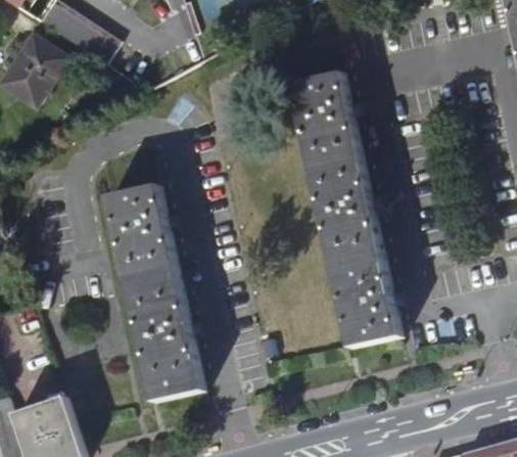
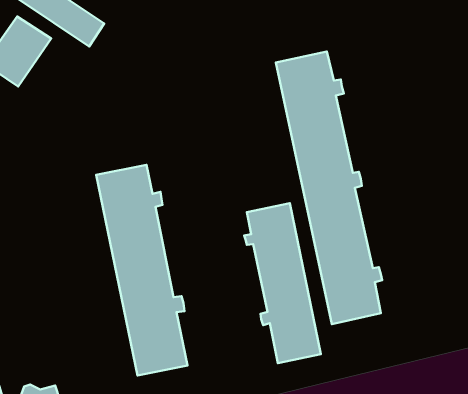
building: none -> [244,203,321,363]

